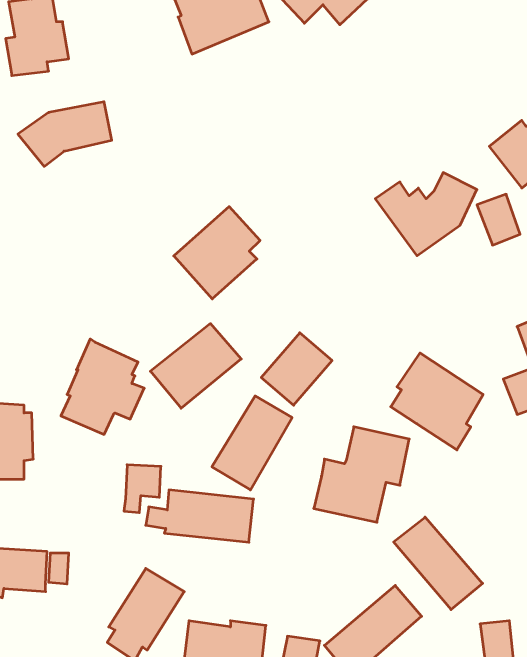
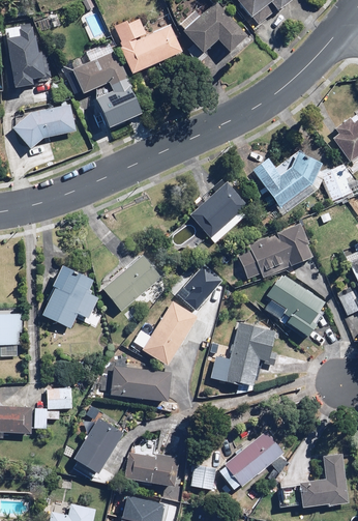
building: none -> [59,42,143,128]
building: [174,207,260,299] -> [189,181,247,243]
building: none -> [236,223,312,279]
building: [124,465,161,513] -> [48,387,72,419]
building: [394,517,483,610] -> none

